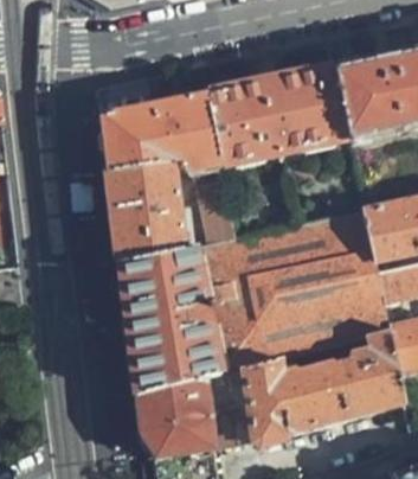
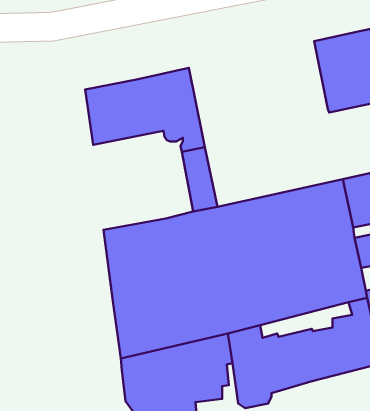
building: [206,68,349,165] -> none
building: [108,161,182,262] -> none

